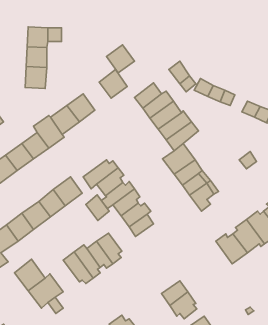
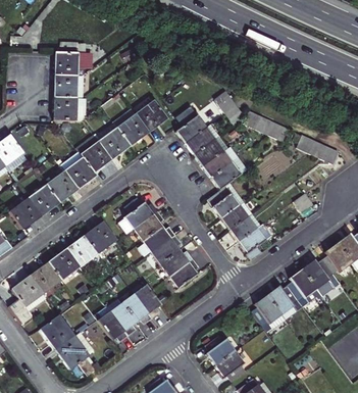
building: [106,45,134,73] -> [117,113,149,145]
building: [86,195,109,221] -> none
building: none -> [251,293,286,331]

